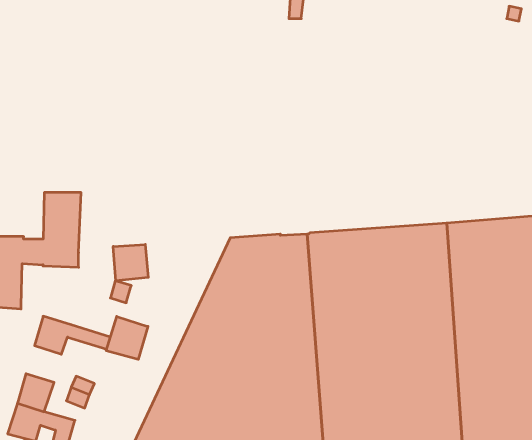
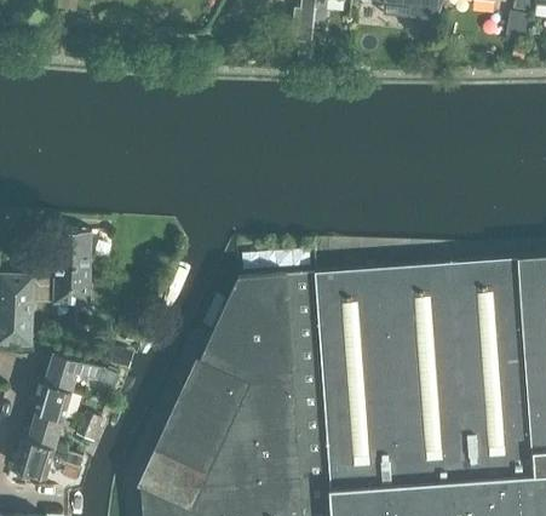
building: [113,244,148,281] -> none
building: [106,316,148,359] -> none
building: none -> [36,384,71,420]

